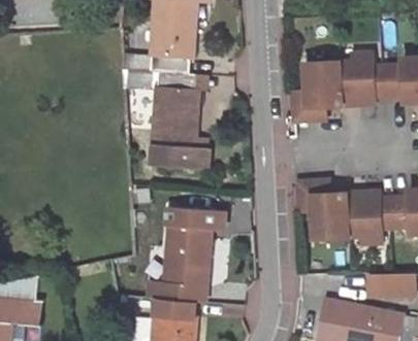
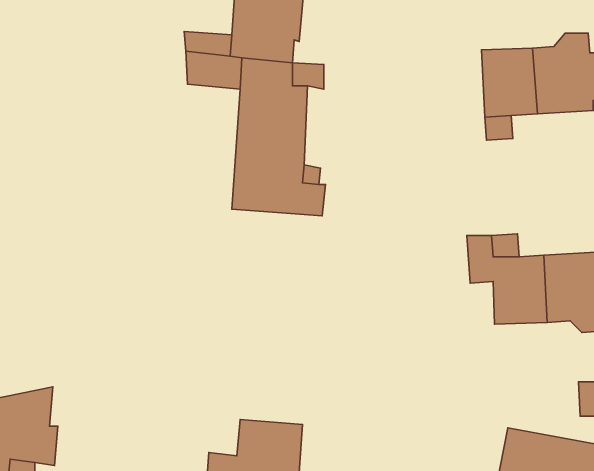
building: [147,207,225,301] -> none

